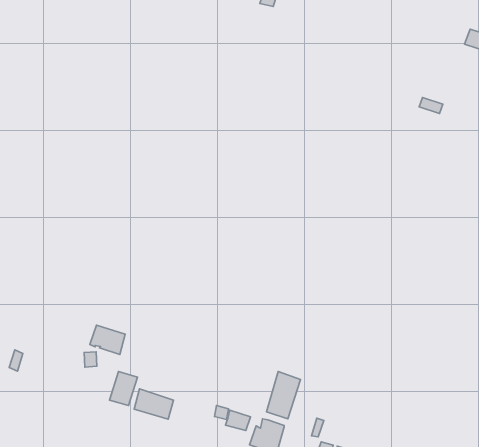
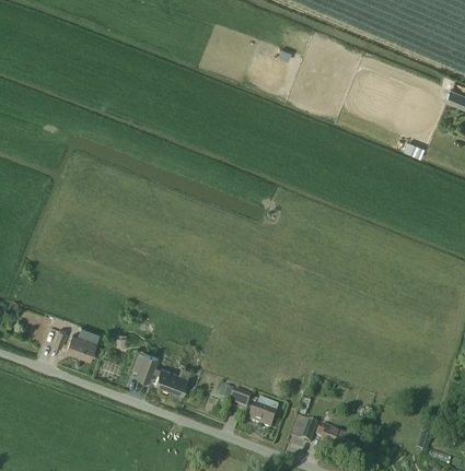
building: [90,325,125,355] -> [66,334,95,360]
building: [267,372,301,419] -> none

